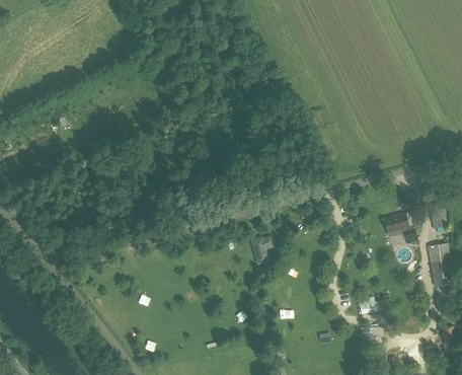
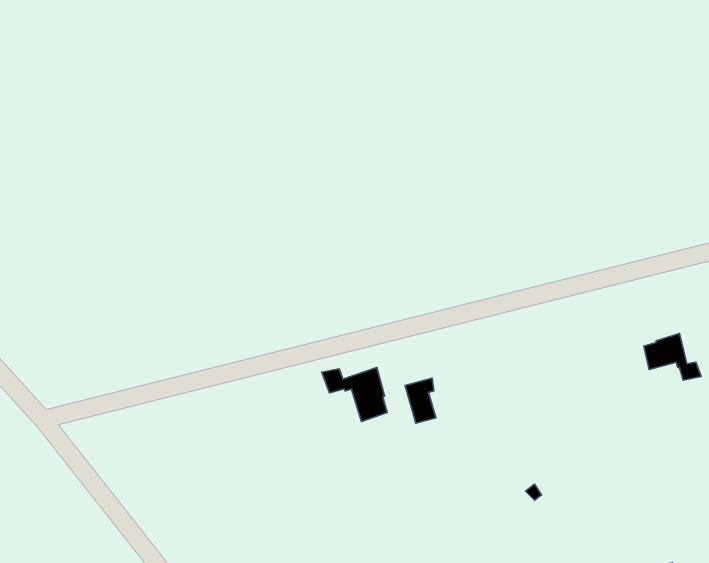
building: none -> [322,367,387,422]

